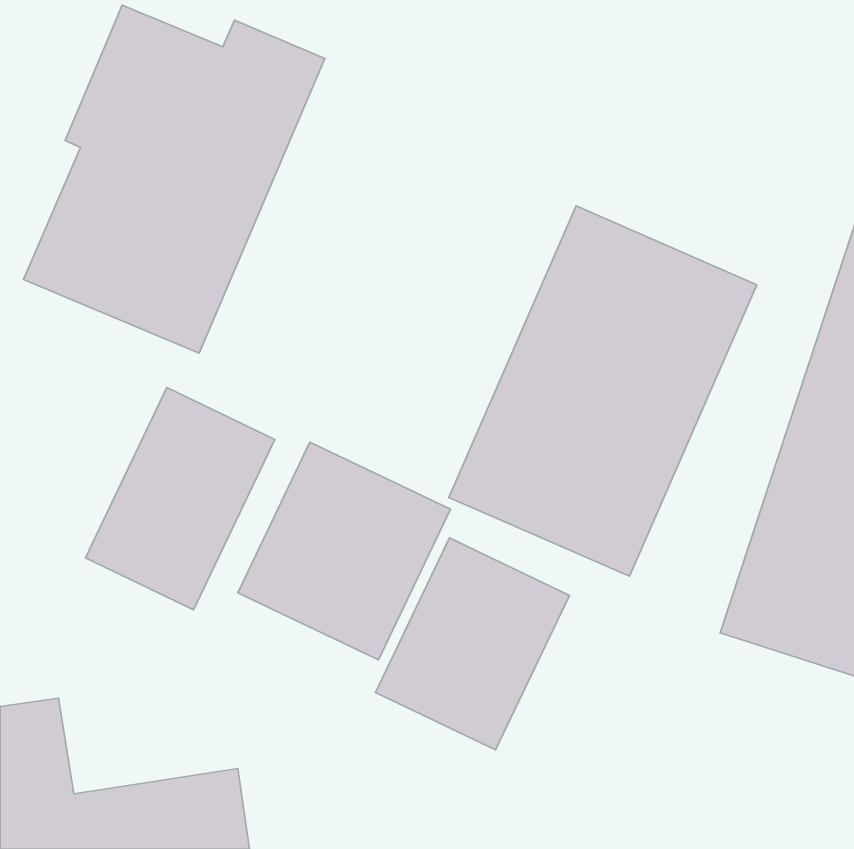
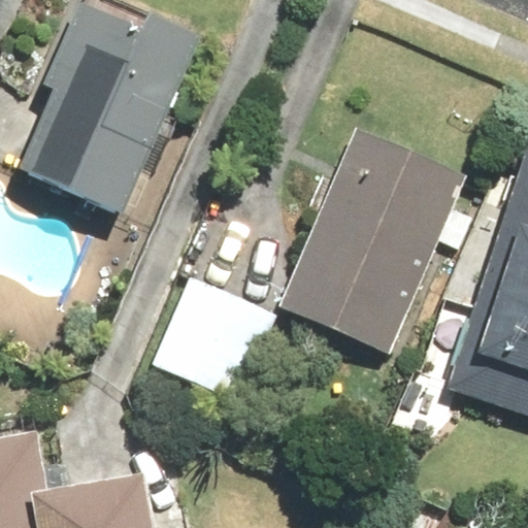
building: [86,388,275,610] -> none
building: [376,538,569,750] -> none

